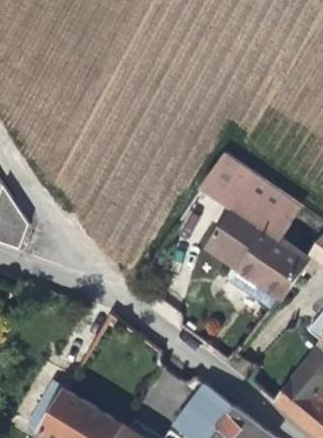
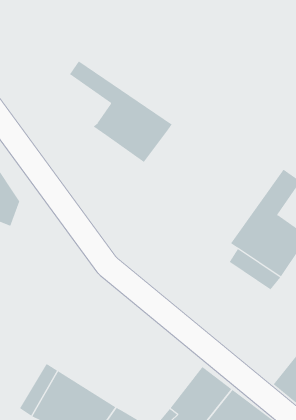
building: none -> [69,61,172,163]
building: [199,153,284,265] -> none

